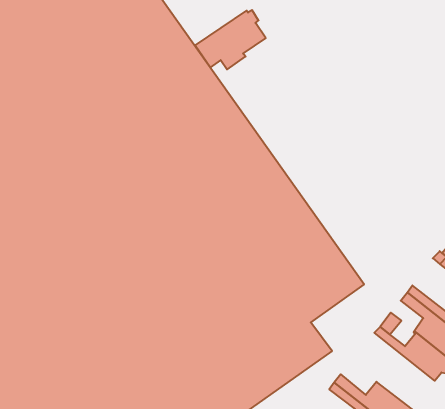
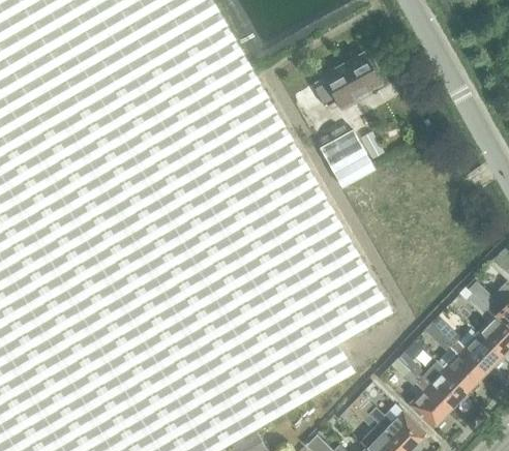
building: [195,10,266,69] -> [312,56,380,110]
building: none -> [320,129,373,186]
building: none -> [390,358,449,427]

